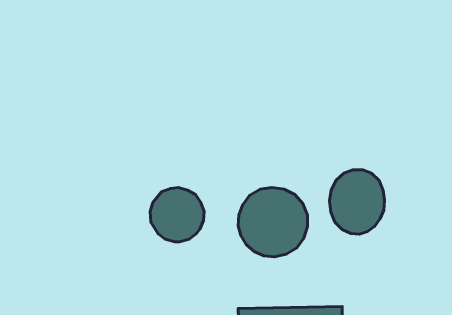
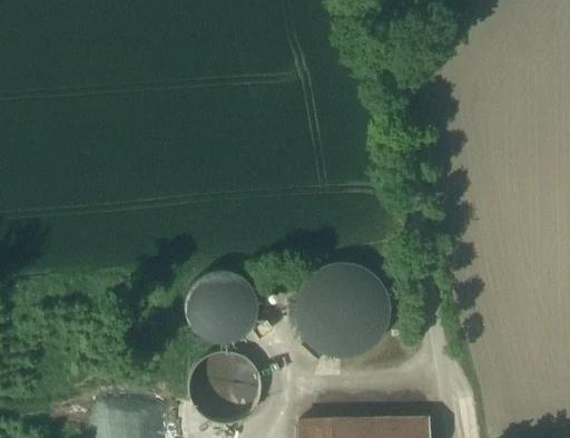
building: [330,170,385,234] -> none
building: none -> [189,351,255,417]

